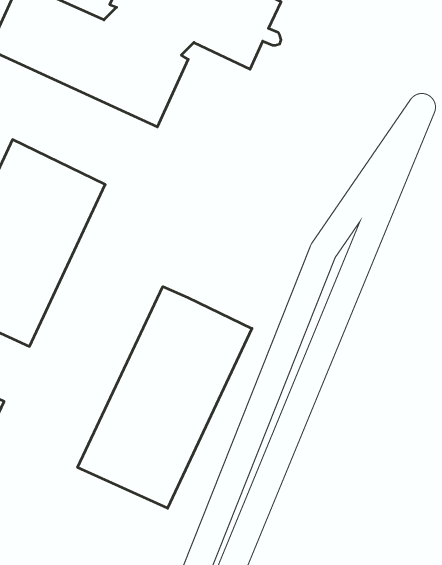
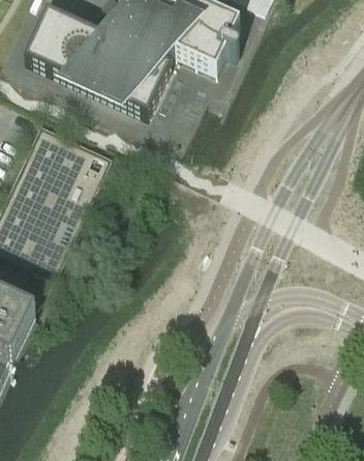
building: [78,287,252,508] -> none

